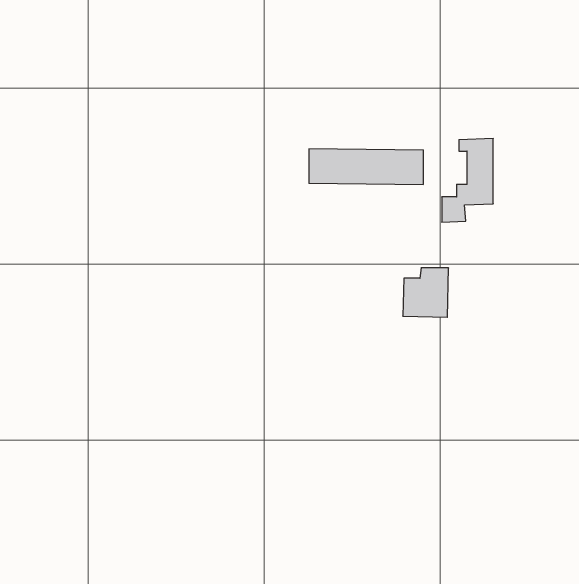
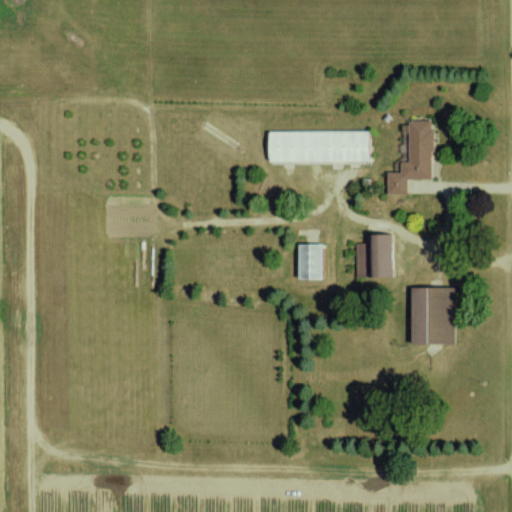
building: none -> [299,245,323,280]
building: none -> [413,288,456,345]

